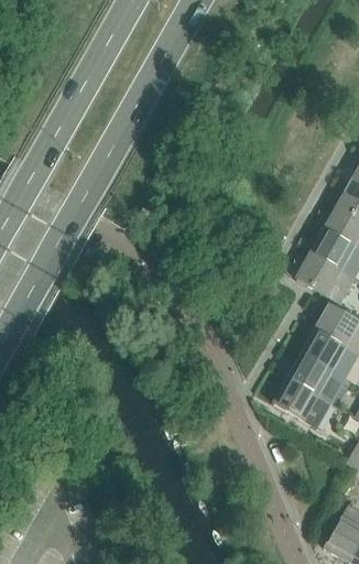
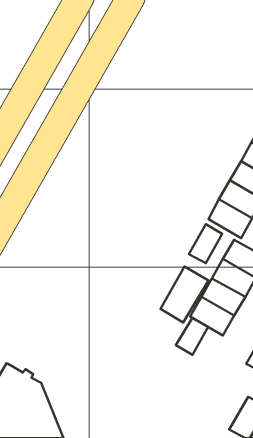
building: none -> [189,224,222,263]
building: none -> [160,267,209,322]
building: none -> [176,318,208,355]

